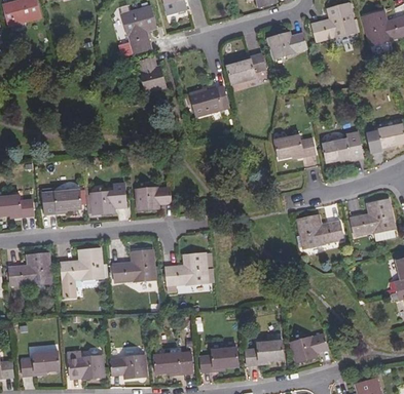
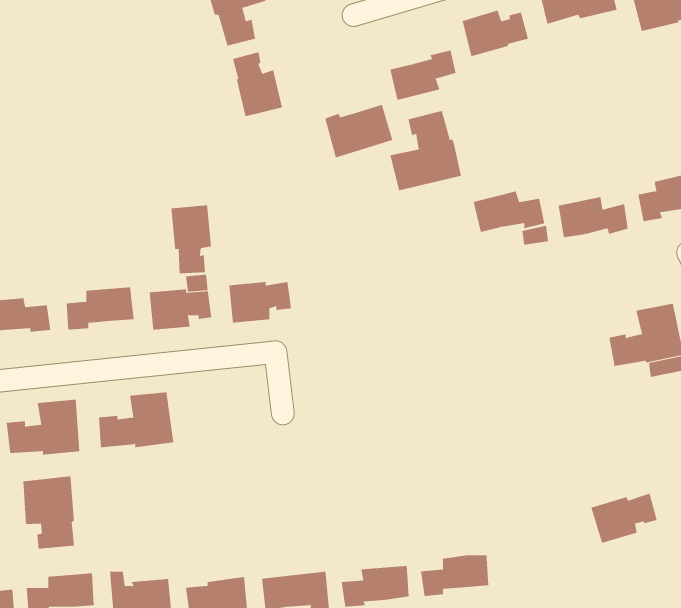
building: none -> [390,110,462,191]
building: none -> [171,204,212,274]
building: [296,214,341,247] -> none
building: [112,249,155,281] -> none
building: [166,252,208,284] -> none
building: none -> [23,475,75,550]
building: [289,333,327,362] -> [591,493,658,544]

